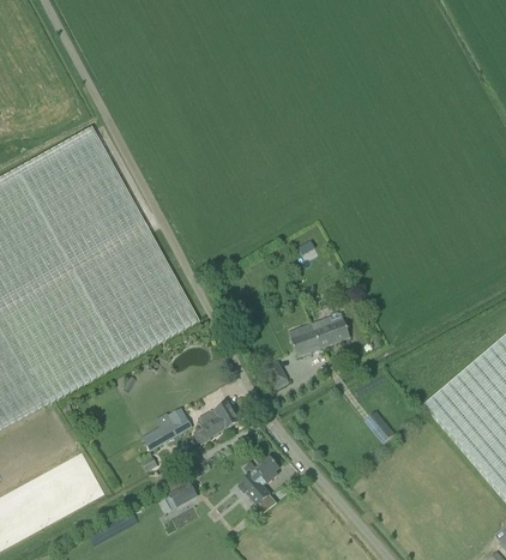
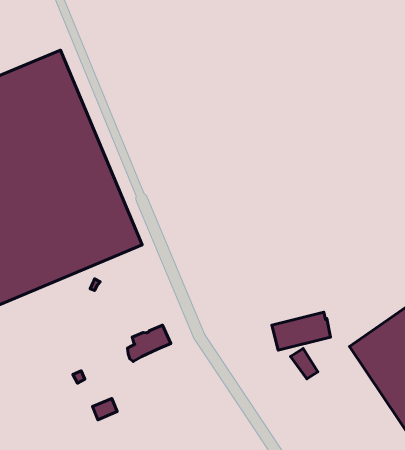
building: [288,312,350,356] -> [272,312,330,350]
building: [144,408,192,450] -> none
building: [240,457,278,504] -> none

